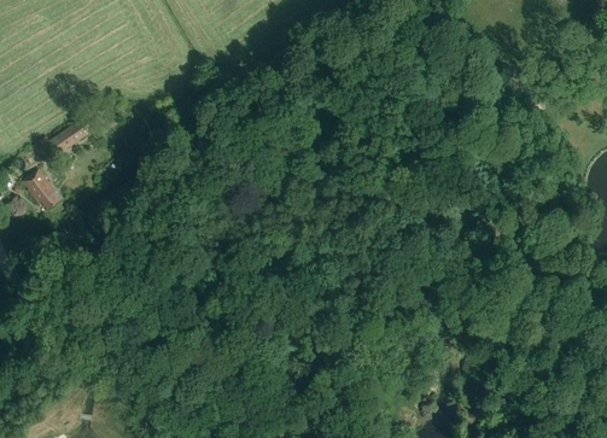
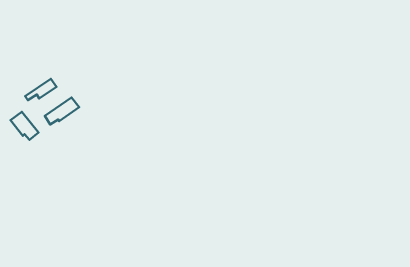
building: none -> [45,98,79,124]

